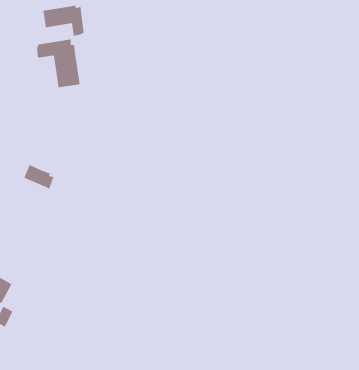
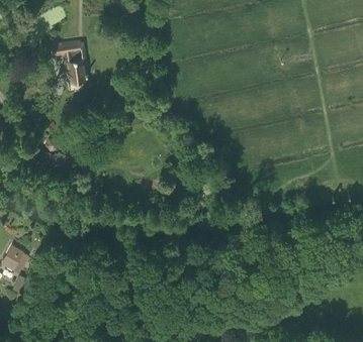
building: [43,5,84,36] -> none

